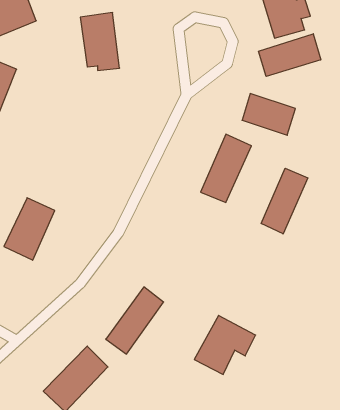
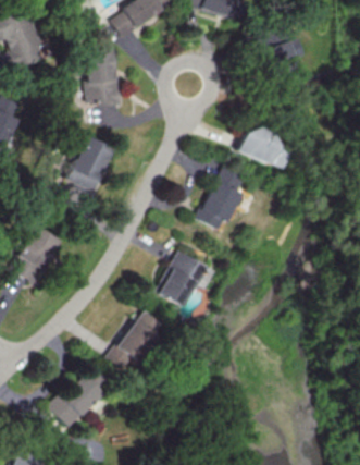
building: [259,34,321,76] -> none
building: none -> [69,135,116,195]
building: [261,168,308,234] -> none
building: [194,315,256,374] -> [158,250,215,306]

